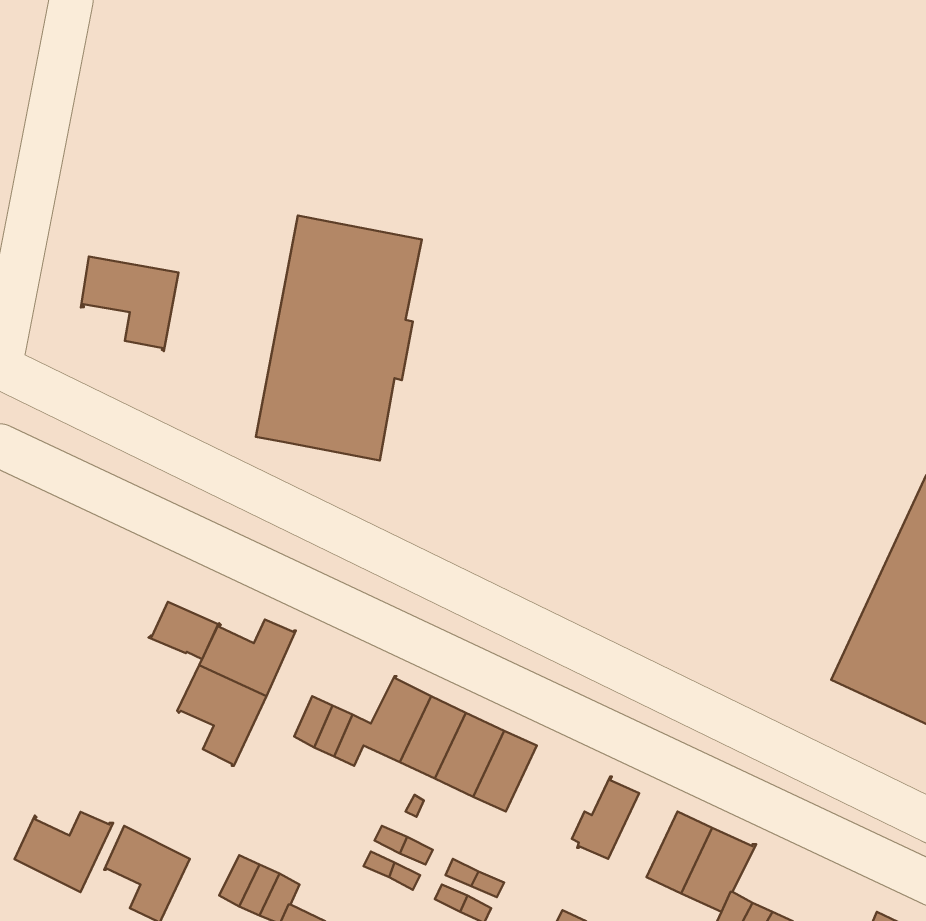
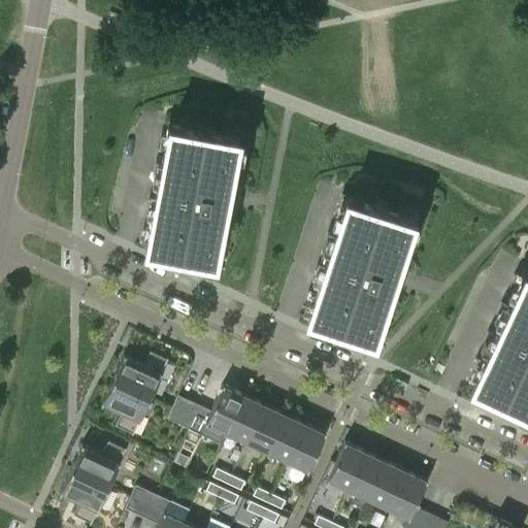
building: [81,256,179,351] -> none
building: none -> [309,202,417,344]
building: [149,602,218,659] -> none
building: none -> [290,428,329,476]
building: none -> [348,455,387,502]
building: [15,812,113,892] -> [74,447,130,492]

